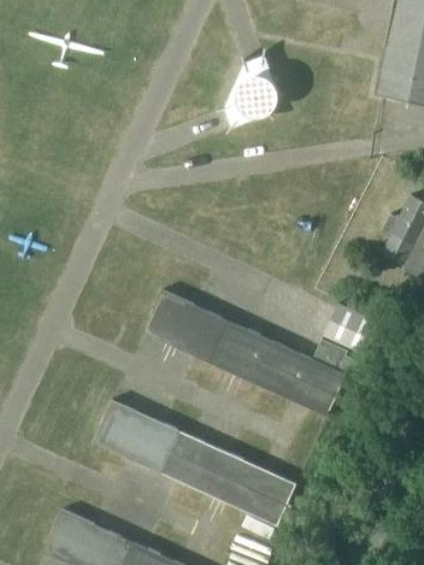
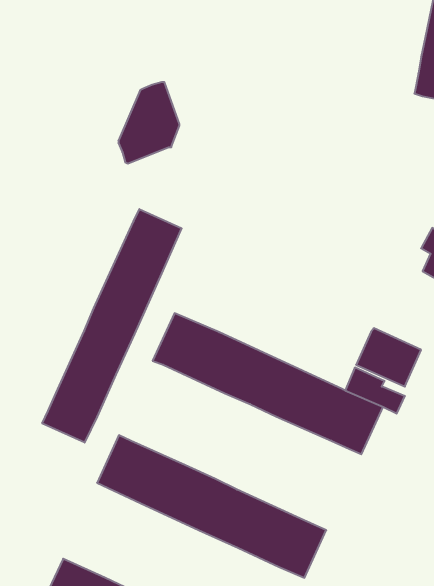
building: [225,57,279,129] -> [118,82,179,163]
building: none -> [42,209,182,443]

